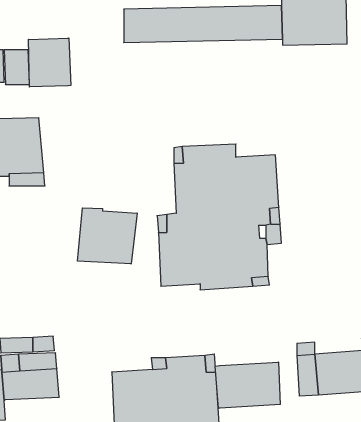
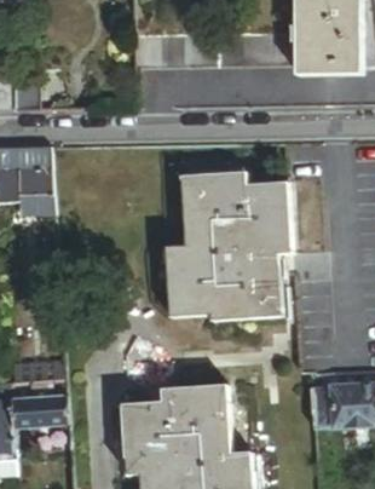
building: [28,38,71,87] -> none
building: [78,208,137,264] -> none
building: [215,362,280,408] -> none

